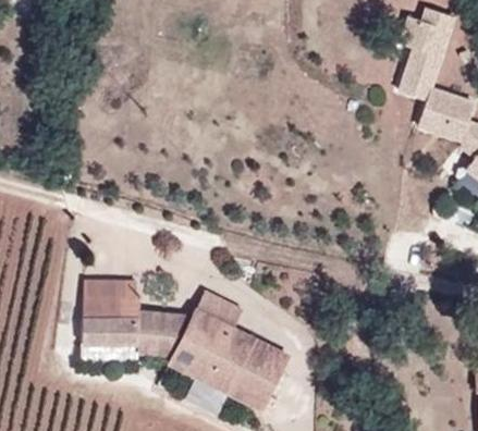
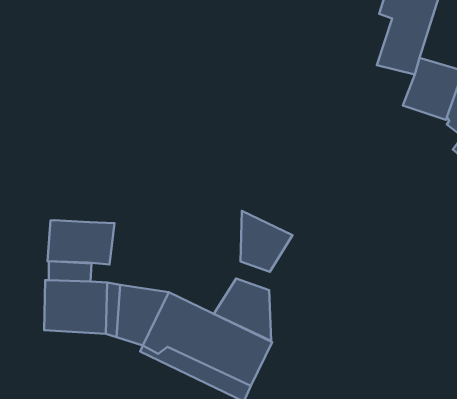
building: none -> [240,211,292,272]
building: none -> [47,220,114,265]
building: none -> [214,279,271,341]

